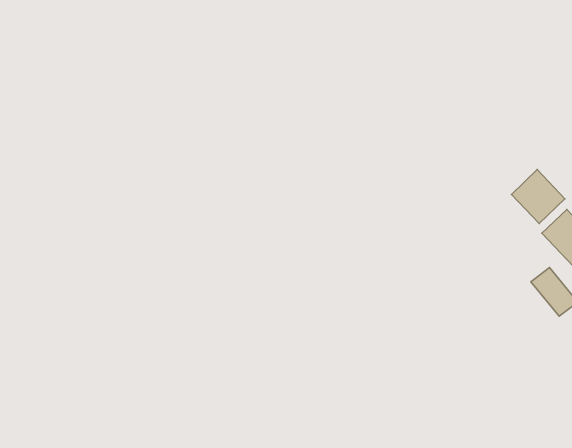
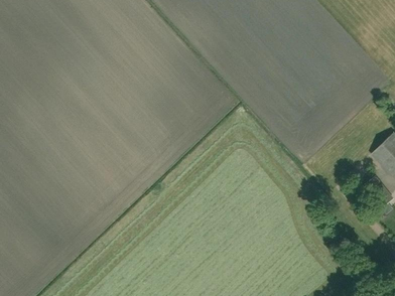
building: [511,170,565,224] -> none

